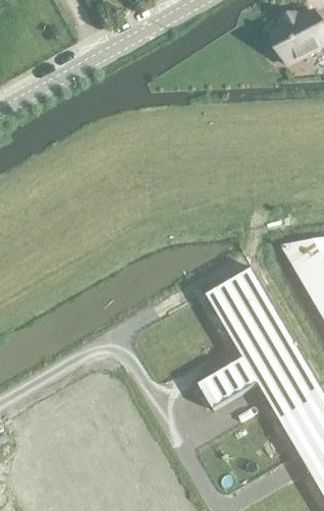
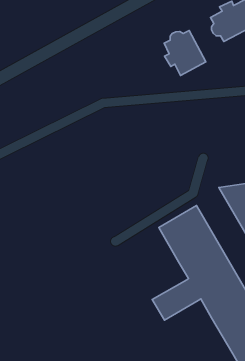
building: none -> [164,30,206,75]

